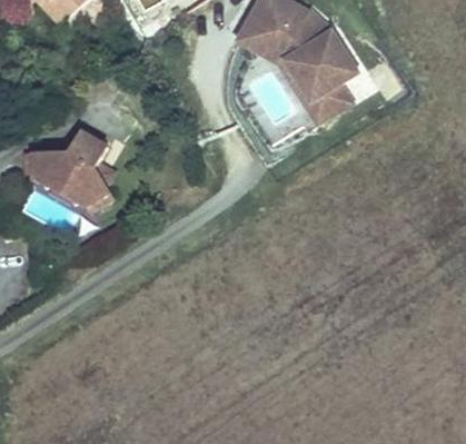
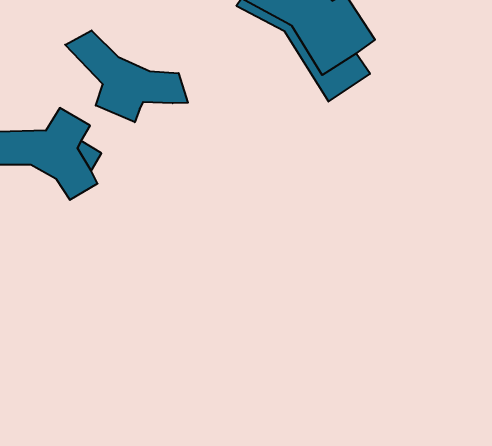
building: none -> [65,30,188,122]

